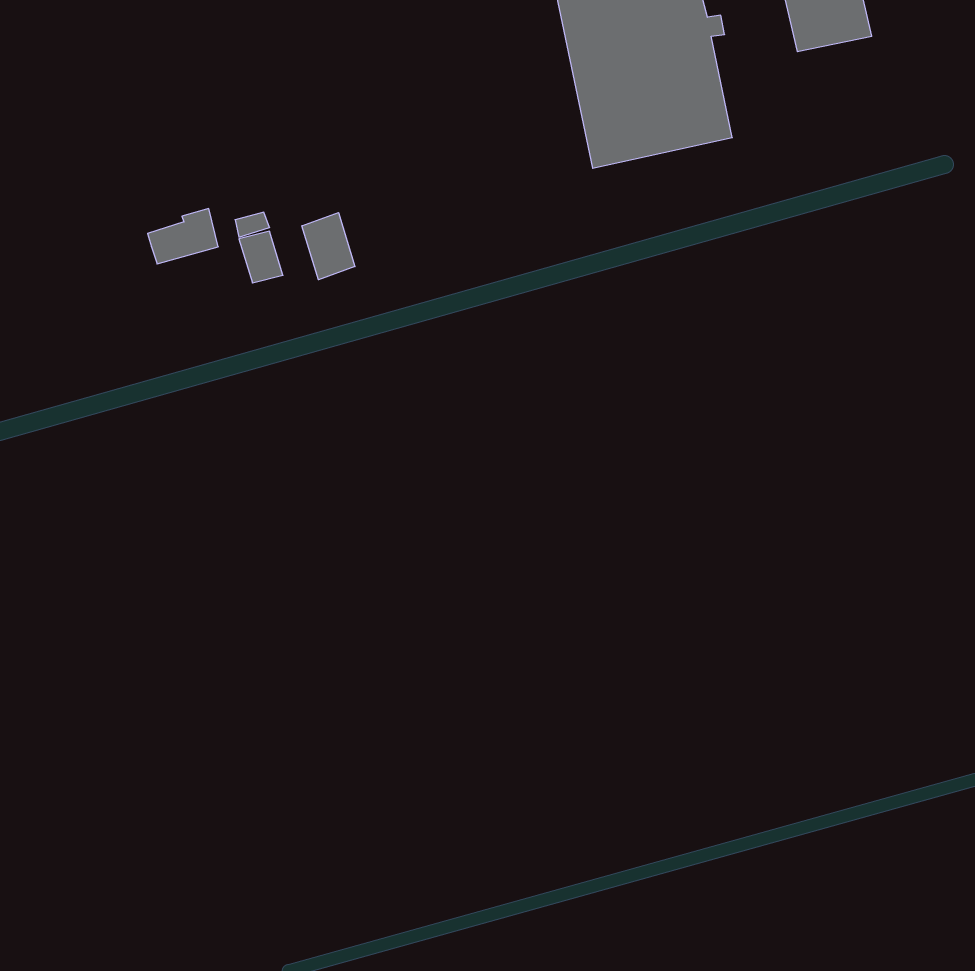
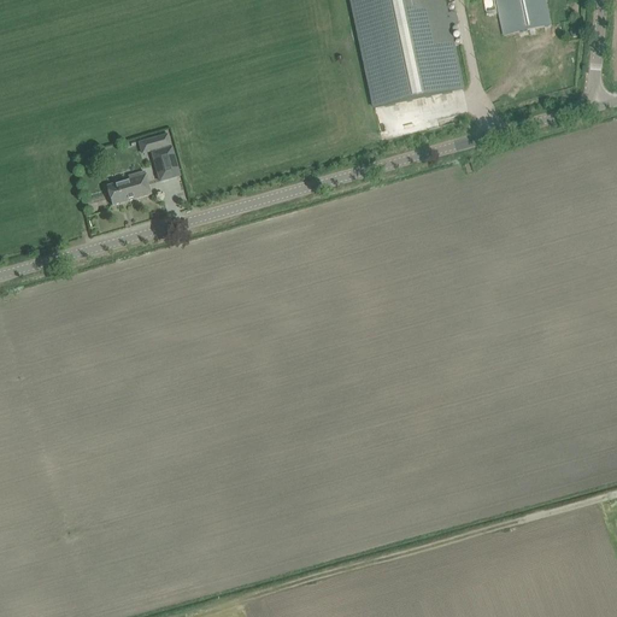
building: [148,209,218,264] -> [105,168,149,202]
building: [302,213,355,280] -> none

